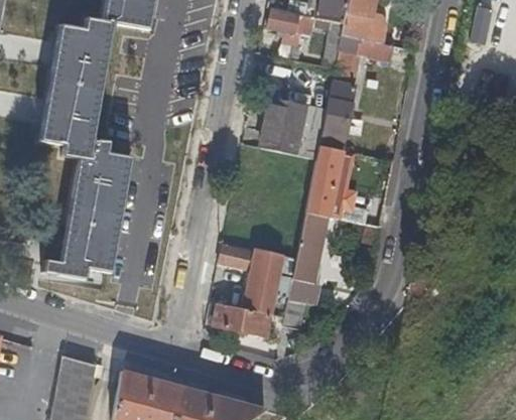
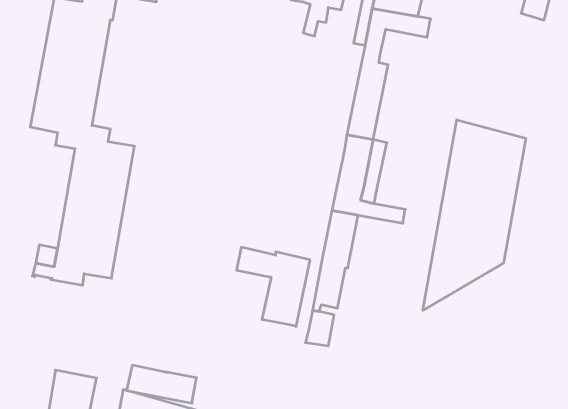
building: [263,97,327,159] -> none
building: none -> [423,120,526,310]
building: [210,302,271,335] -> [127,365,197,403]

